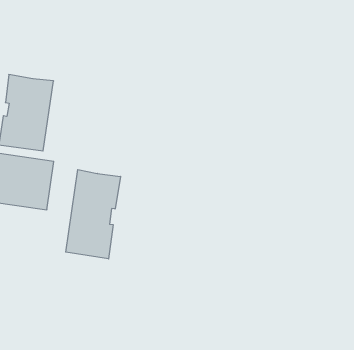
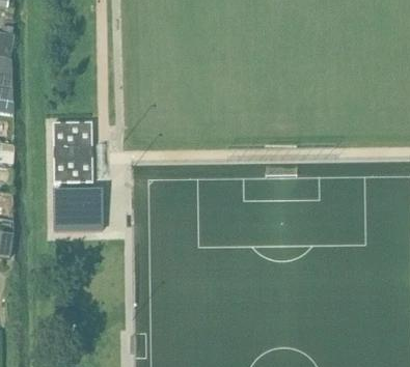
building: [66,170,121,259] -> none

